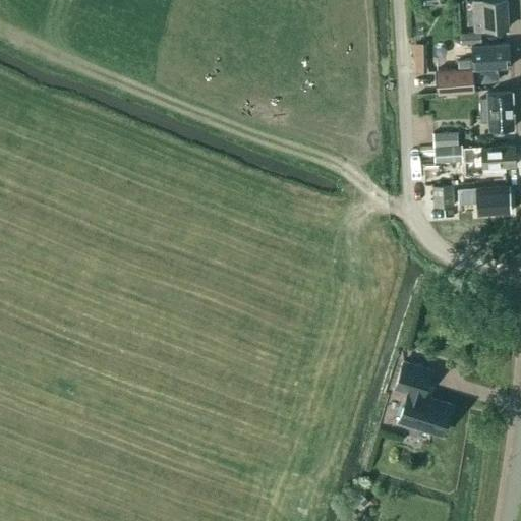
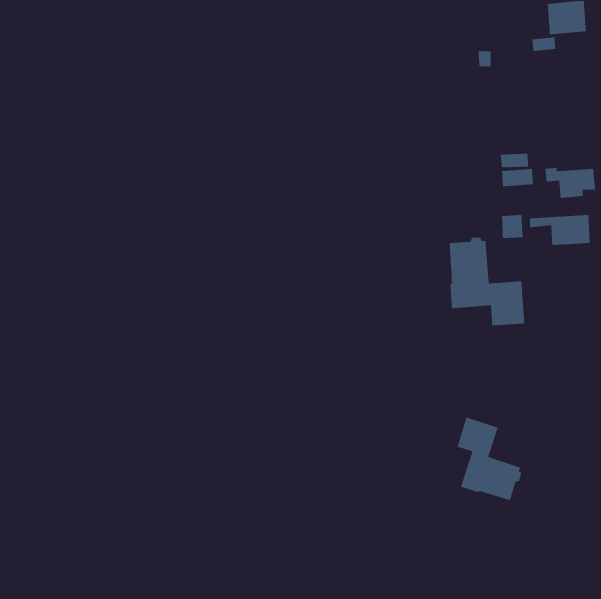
building: [436,45,510,95] -> none
building: [480,93,513,130] -> none
building: none -> [449,237,525,326]

